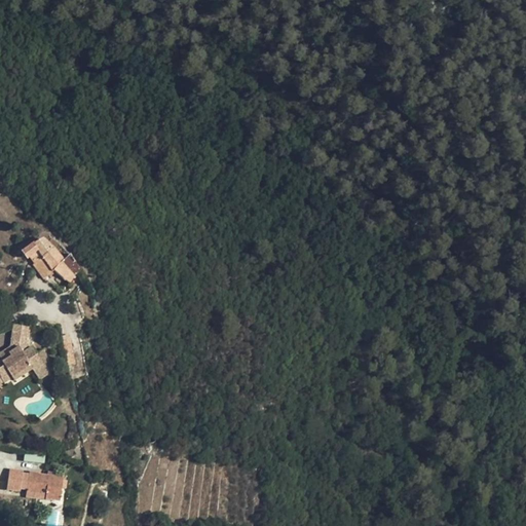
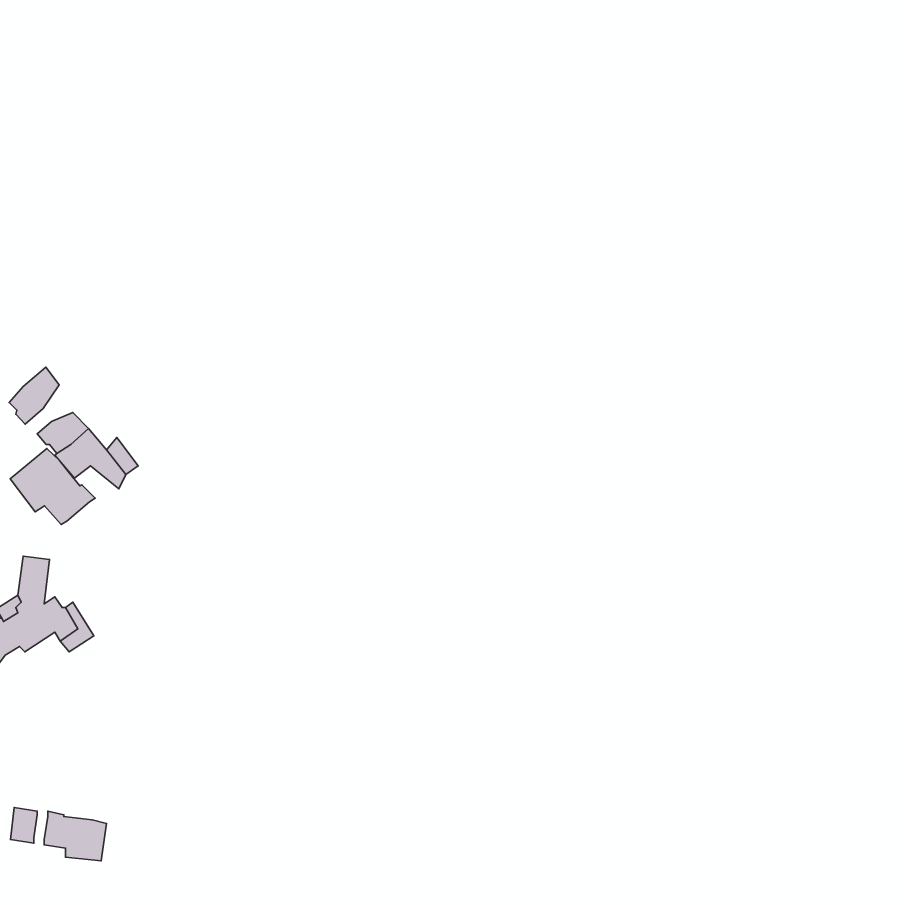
building: none -> [9,367,59,424]
building: none -> [10,448,95,525]

